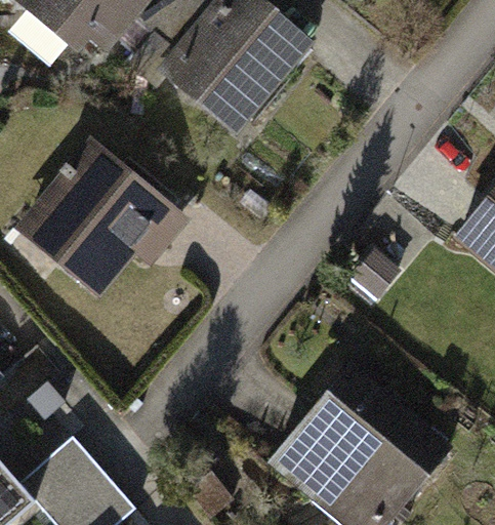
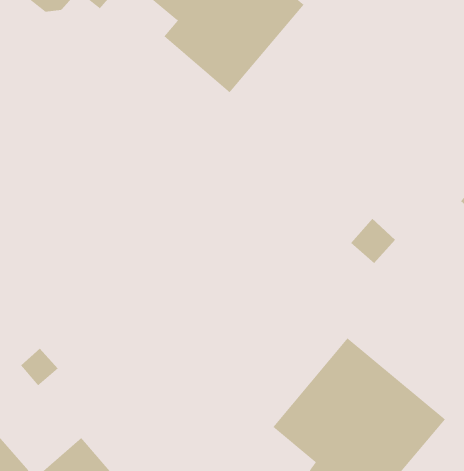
building: [38,151,181,292] -> none

